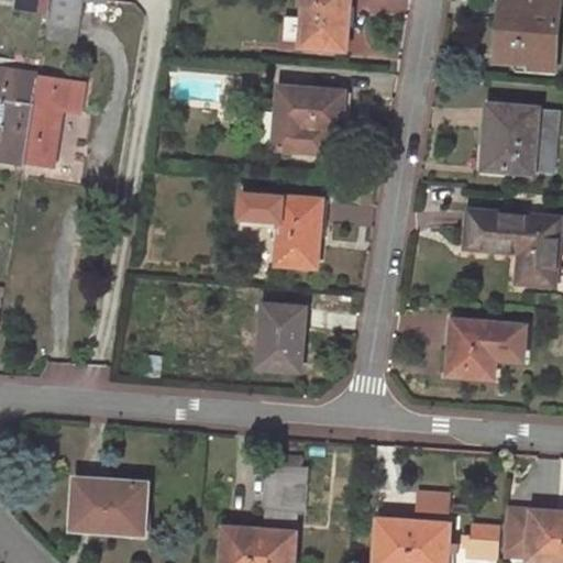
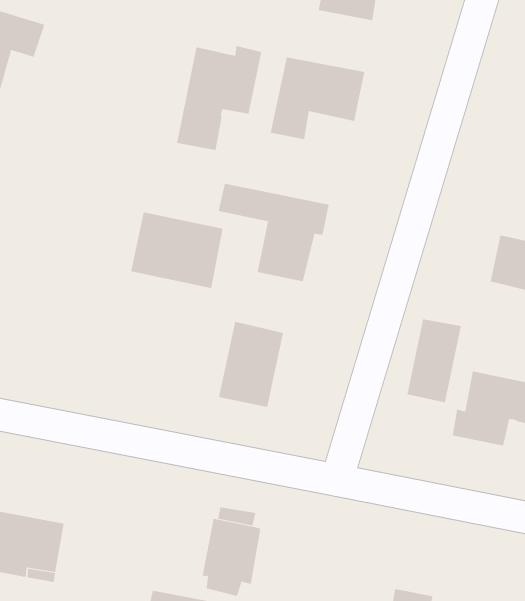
building: none -> [176,45,262,151]
building: none -> [131,212,223,289]
building: none -> [407,318,461,403]

